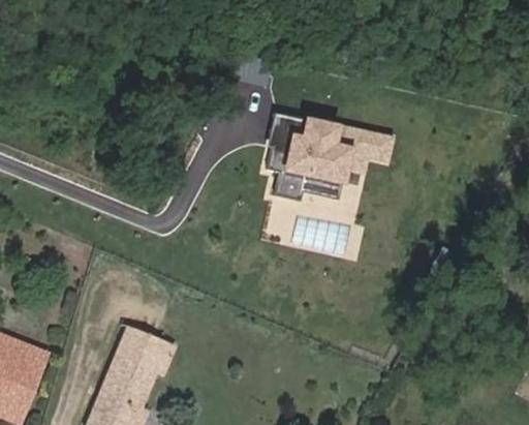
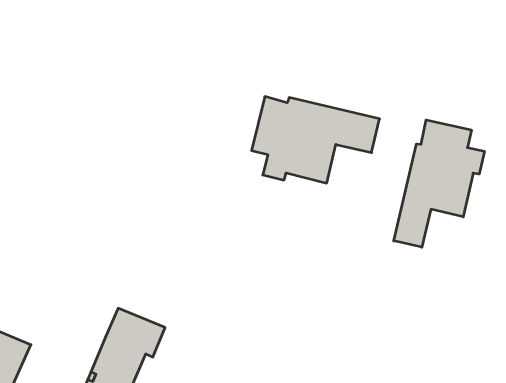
building: none -> [394,120,484,247]

